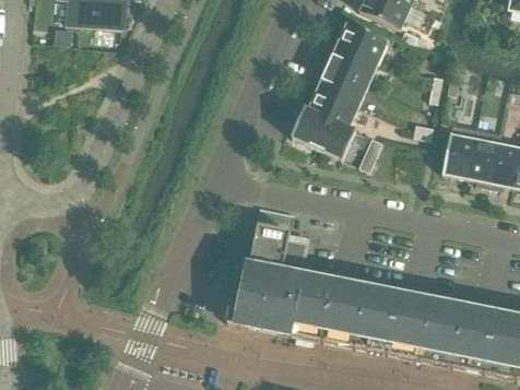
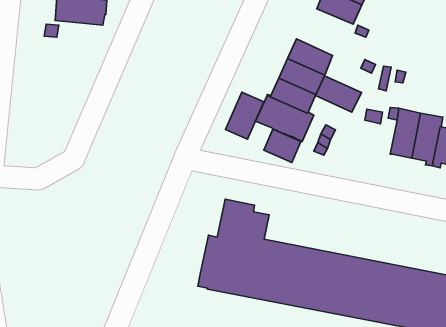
building: [339,22,390,62] -> [316,76,361,112]
building: none -> [225,92,264,139]
building: none -> [264,129,301,163]

